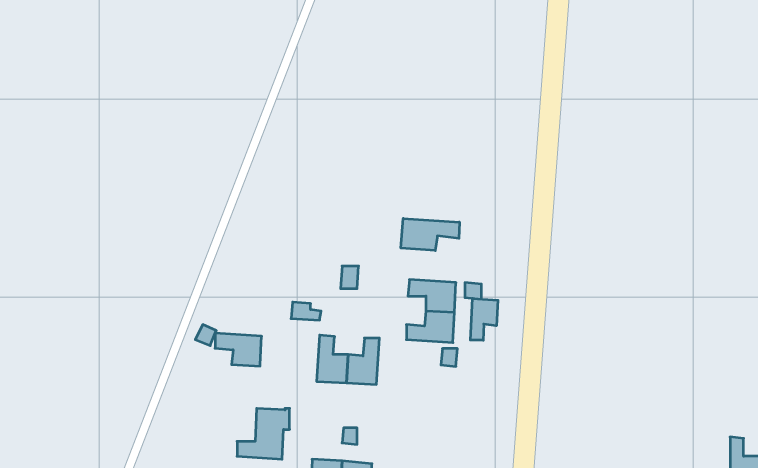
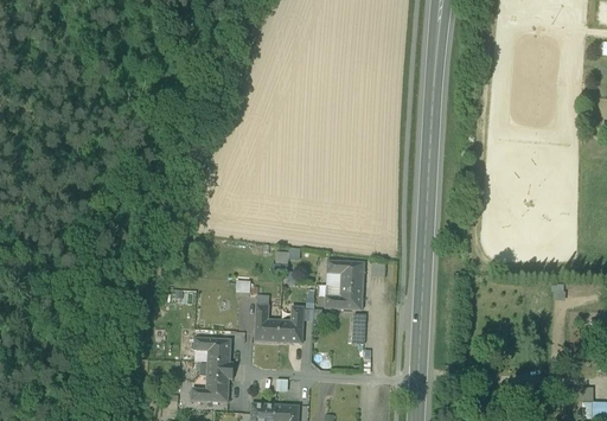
building: [401,218,459,251] -> none
building: [470,298,498,340] -> none
building: [215,333,262,366] -> [193,338,230,364]

